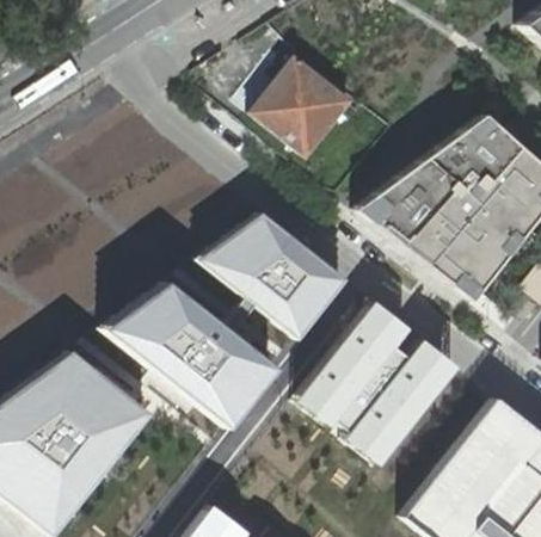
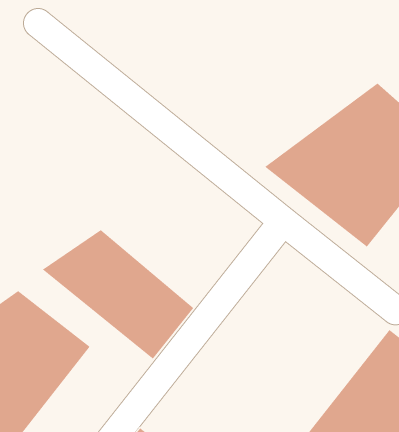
building: [252,54,355,158] -> none
building: [199,214,346,340] -> none
building: [293,298,459,468] -> none

